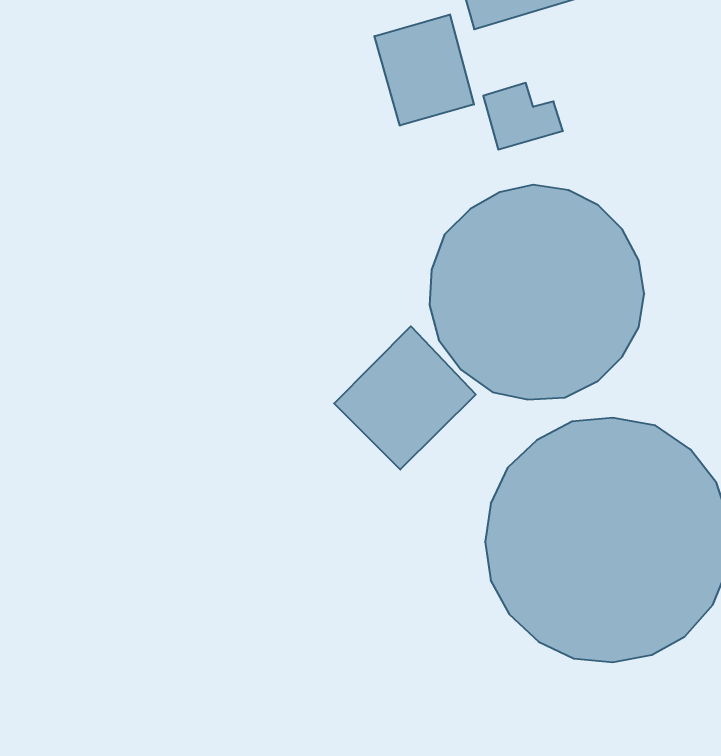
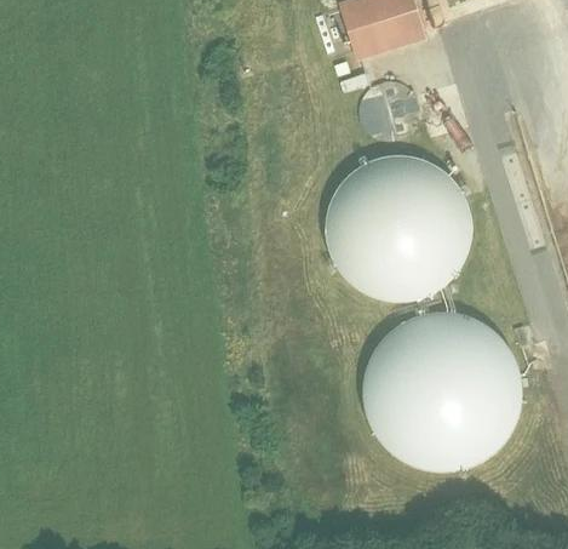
building: [374,14,474,126] -> none
building: [334,326,476,470] -> none

